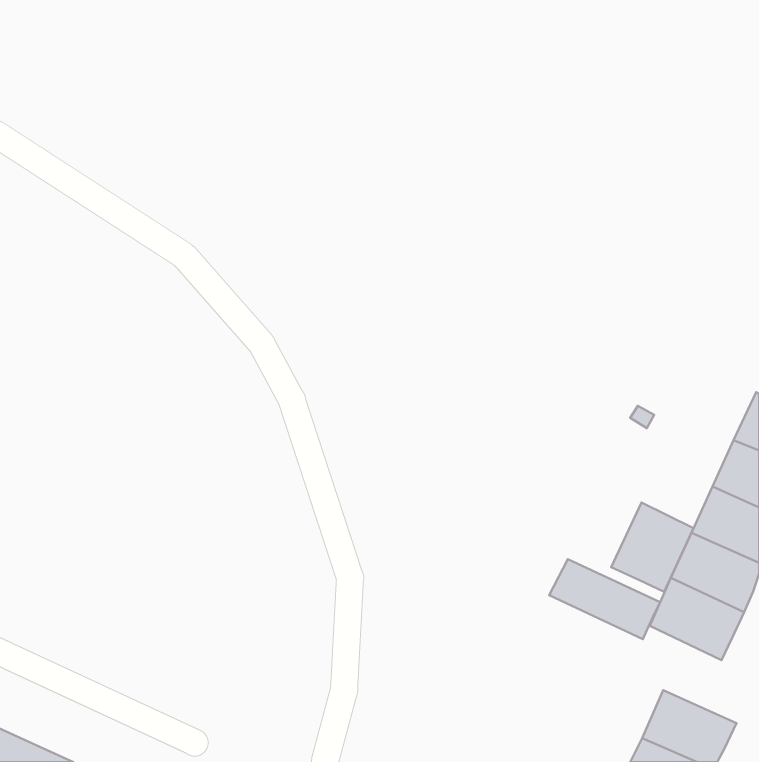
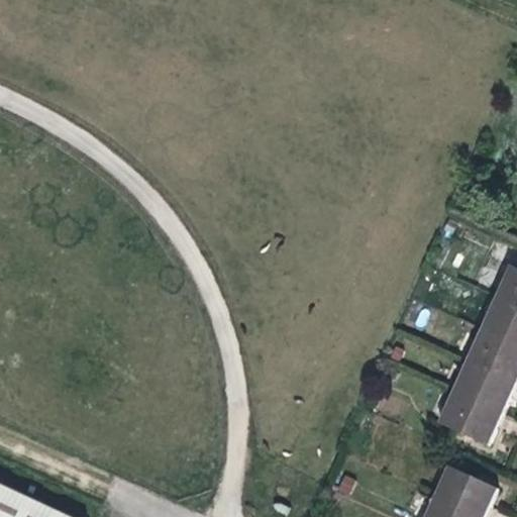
building: [611,502,693,592] -> none
building: [549,559,660,639] -> none

